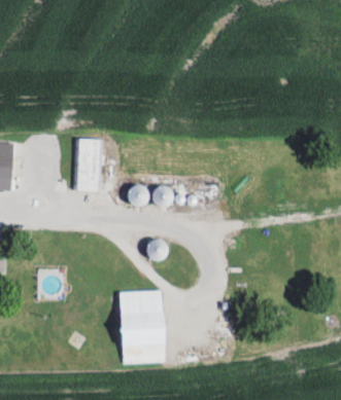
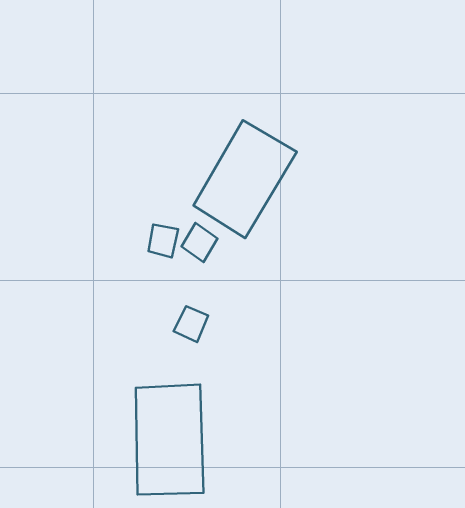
building: none -> [193,120,297,238]
building: [75,138,99,190] -> none

